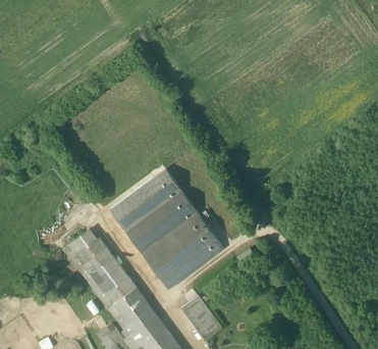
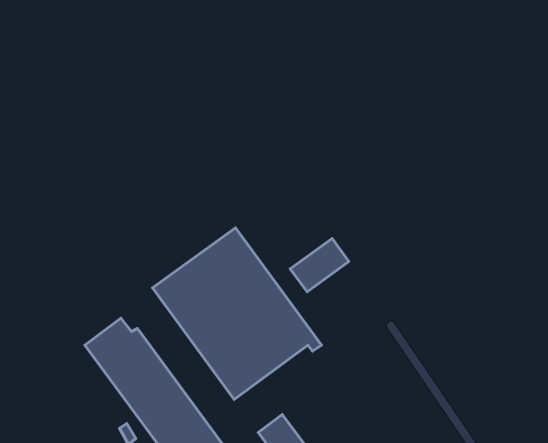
building: none -> [290,238,349,292]

